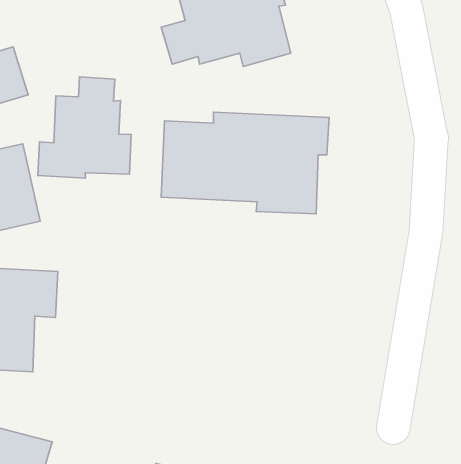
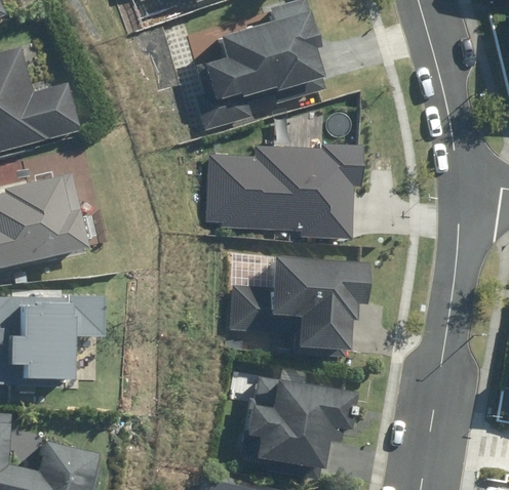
building: [38,77,131,178] -> none
building: none -> [227,256,367,353]
building: none -> [241,363,352,465]

